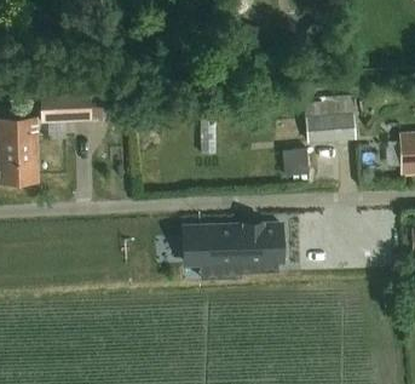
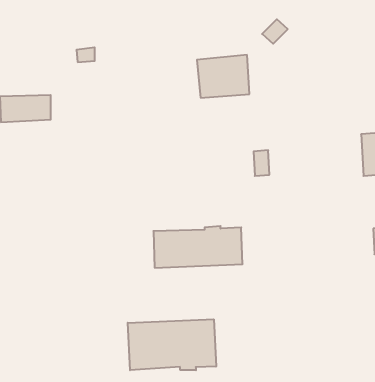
building: [304,101,356,143] -> [197,55,249,98]
building: none -> [128,319,216,370]

